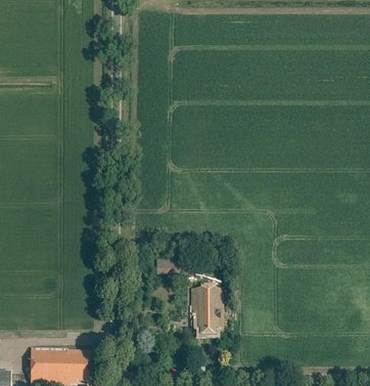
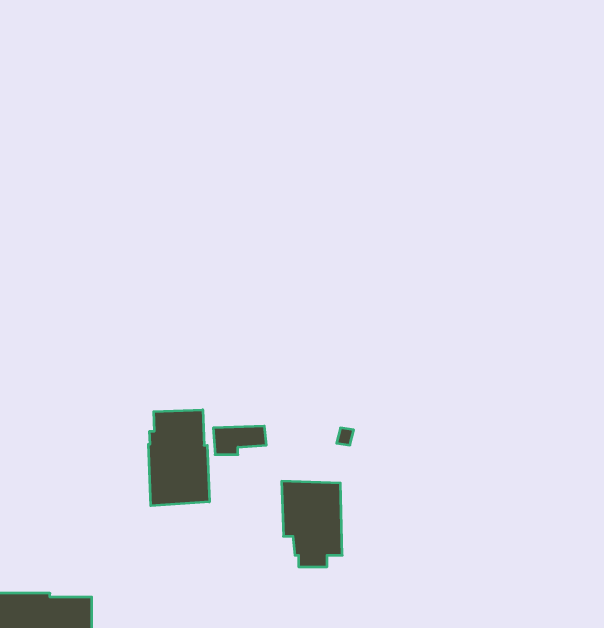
building: none -> [148,410,209,506]

